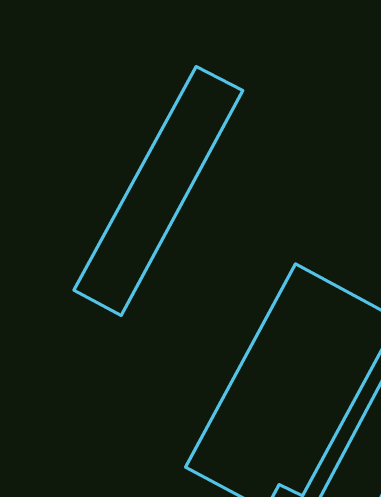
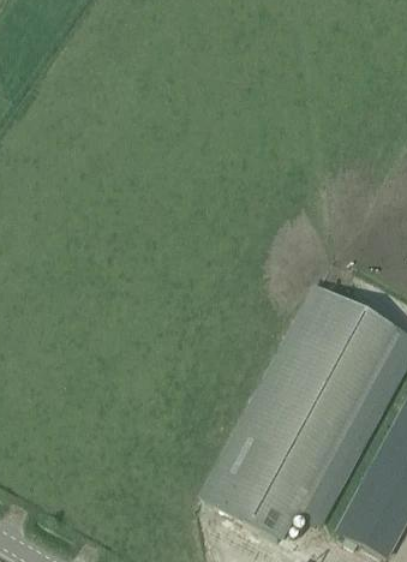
building: [74,66,243,316] -> none

